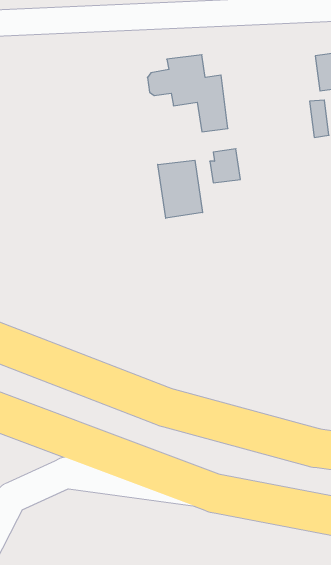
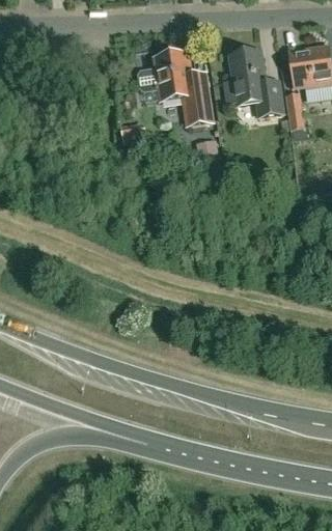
building: none -> [224,52,283,114]
building: [158,160,203,218] -> none

